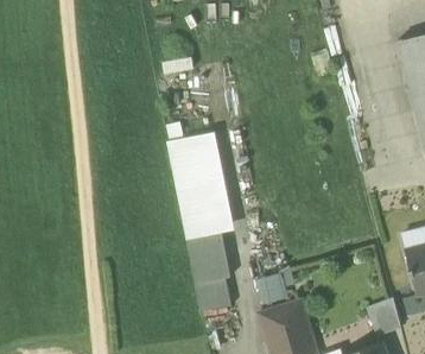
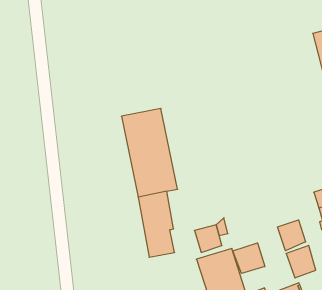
building: none -> [277,220,306,251]
building: none -> [233,243,265,273]

